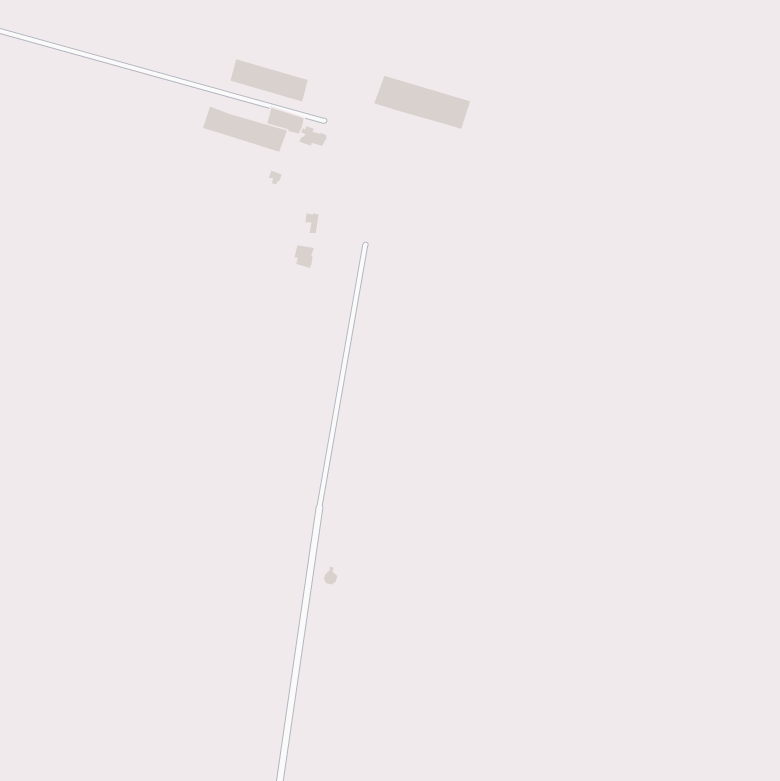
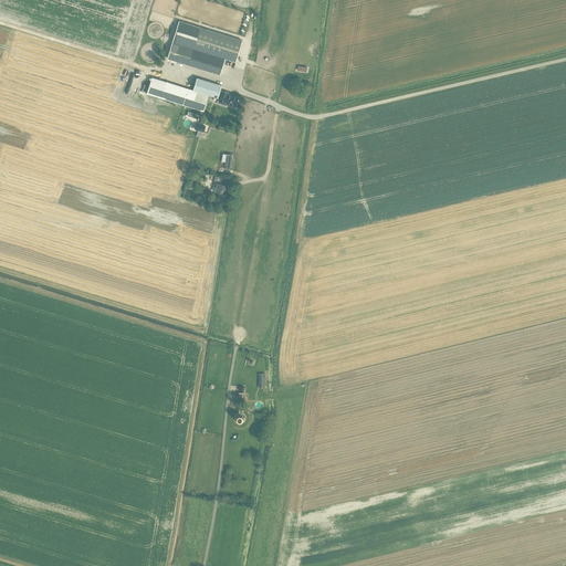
building: [373,75,471,130] -> [170,21,241,61]

